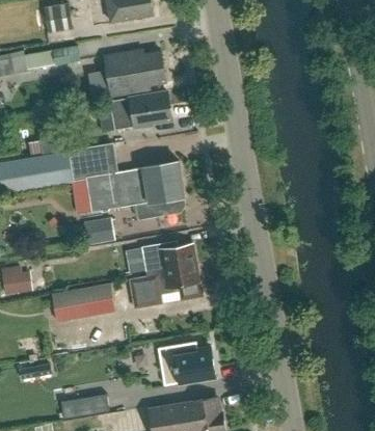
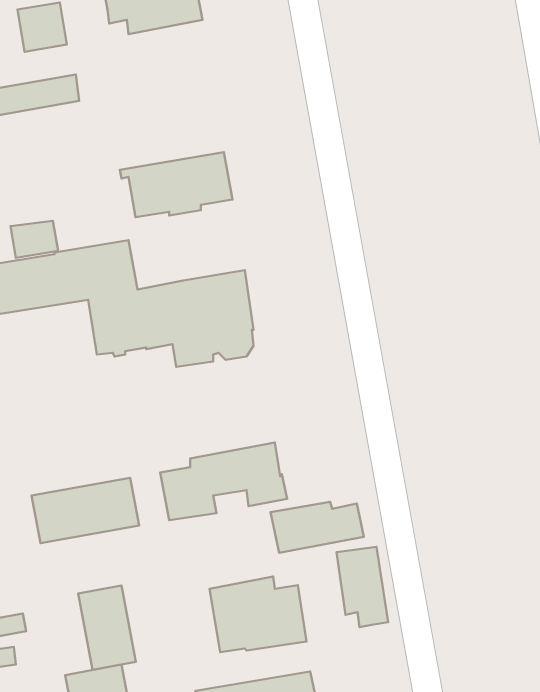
building: [103,49,164,97] -> none
building: [82,218,114,245] -> none
building: [140,242,195,272] -> [270,502,364,553]
building: none -> [336,547,388,627]
building: none -> [78,585,136,670]

